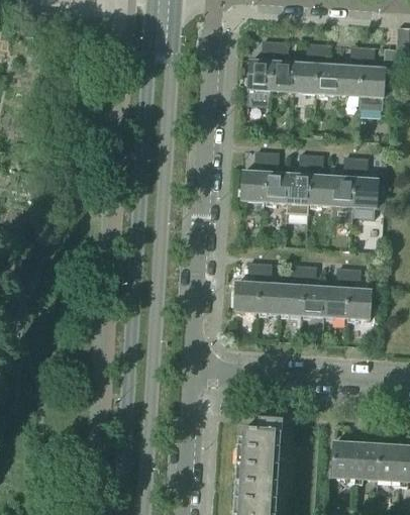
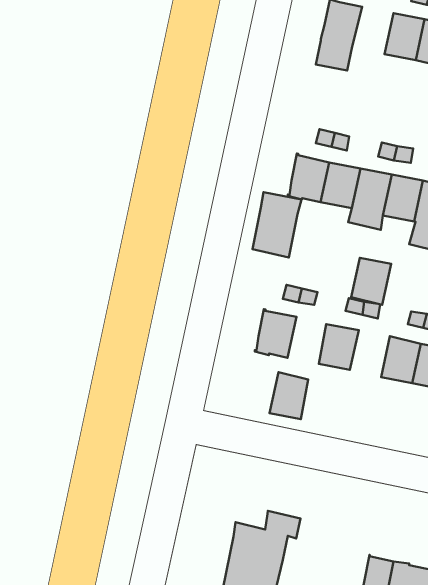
building: [271,61,296,91] -> none
building: none -> [253,192,302,257]
building: [258,282,281,312] -> [270,372,308,419]
building: [302,285,326,315] -> [351,258,391,305]

